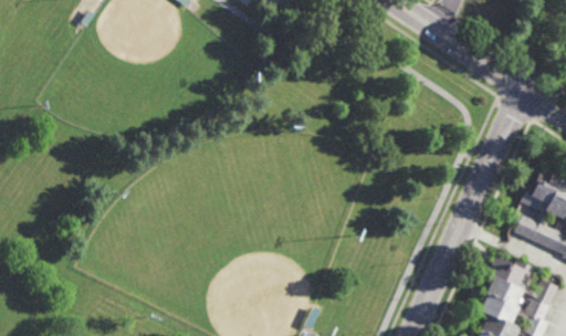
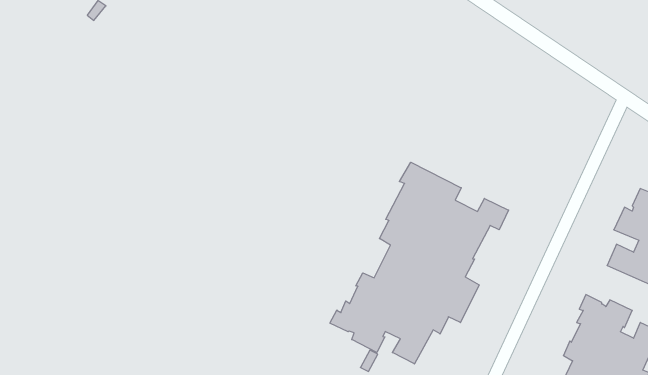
building: none -> [330,162,509,364]

